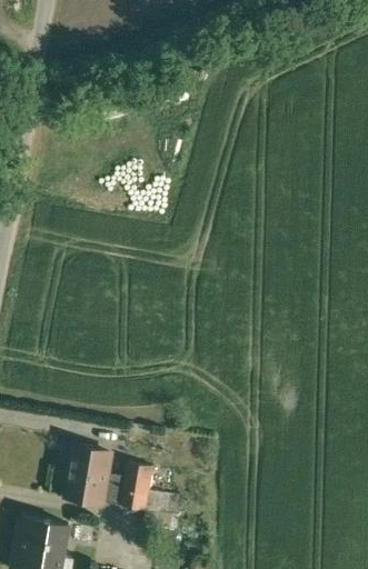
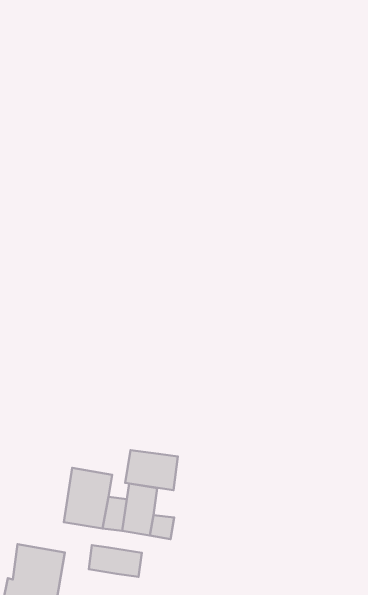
building: none -> [125,450,178,490]
building: none -> [89,545,142,577]

